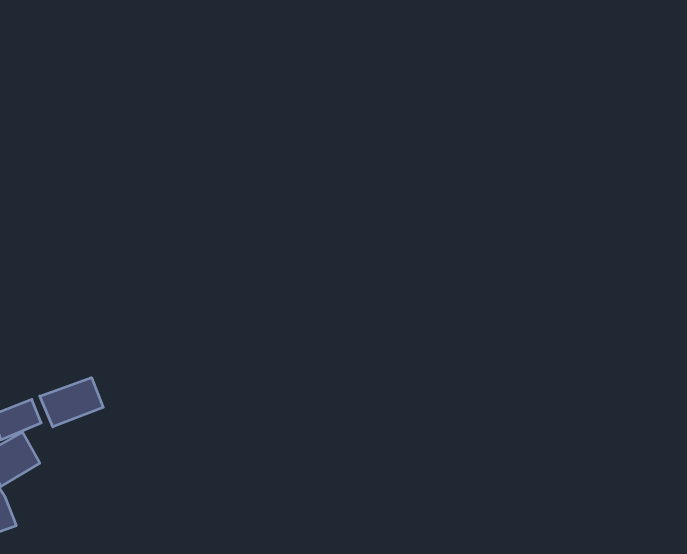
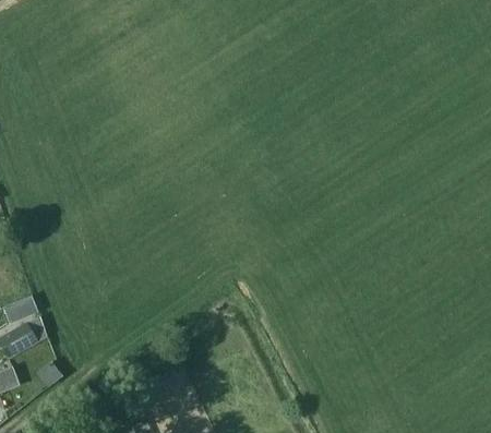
building: [40,378,103,427] -> none

